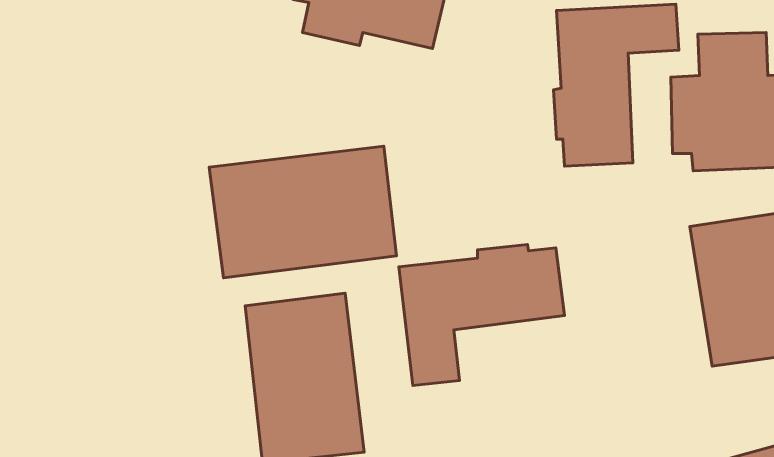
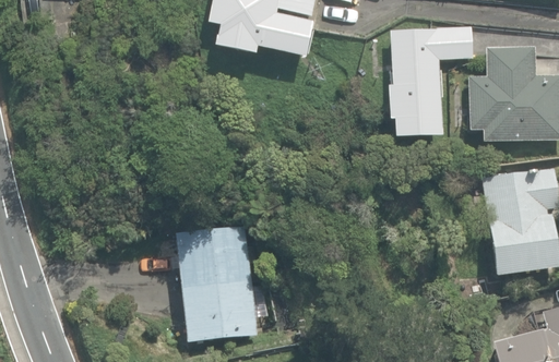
building: [209,146,396,278] -> none
building: [399,245,564,385] -> none

